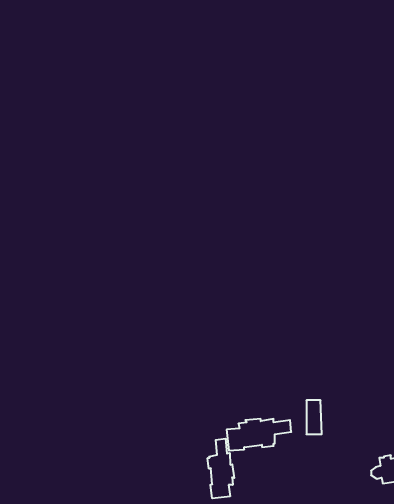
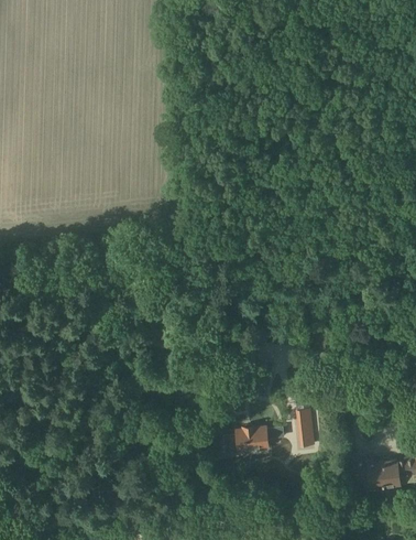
building: [208,439,234,498] -> none

